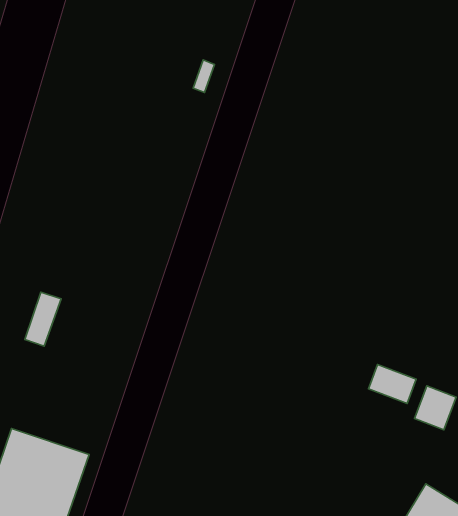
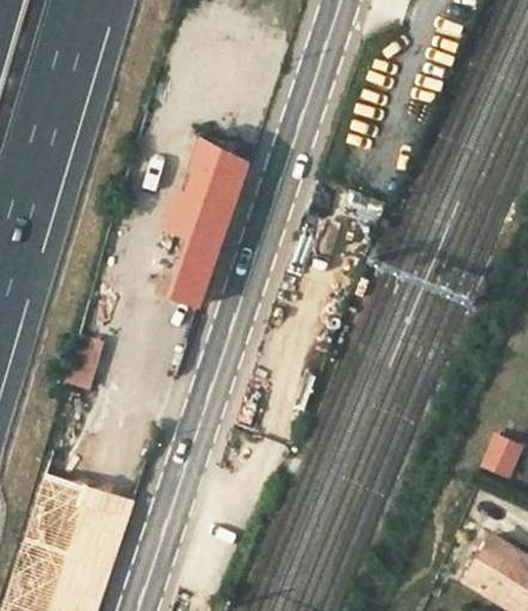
building: none -> [168,141,249,303]
building: [369,365,416,403] -> none

